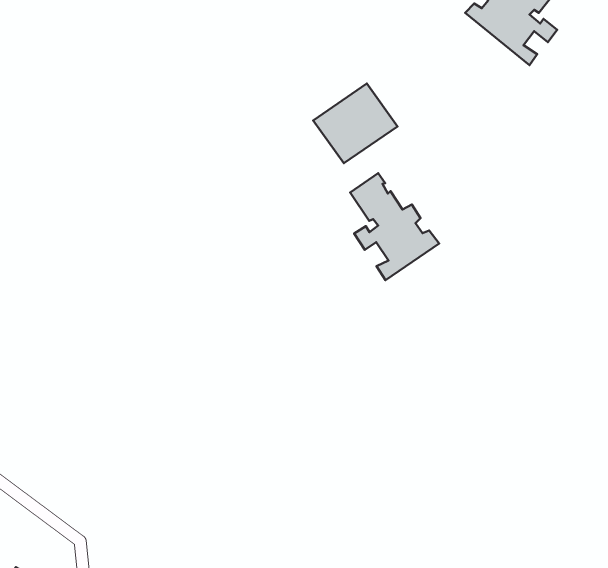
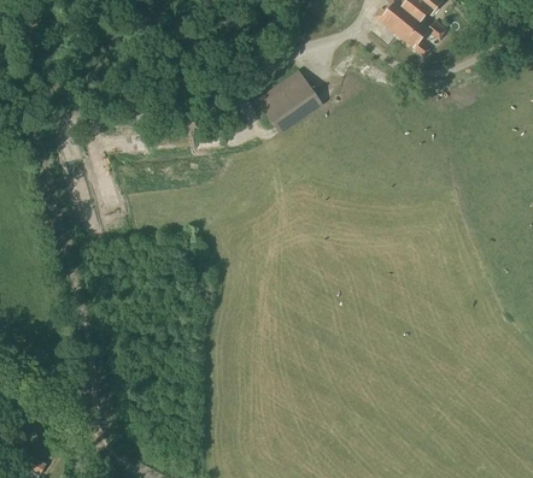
building: [350,173,439,280] -> none

